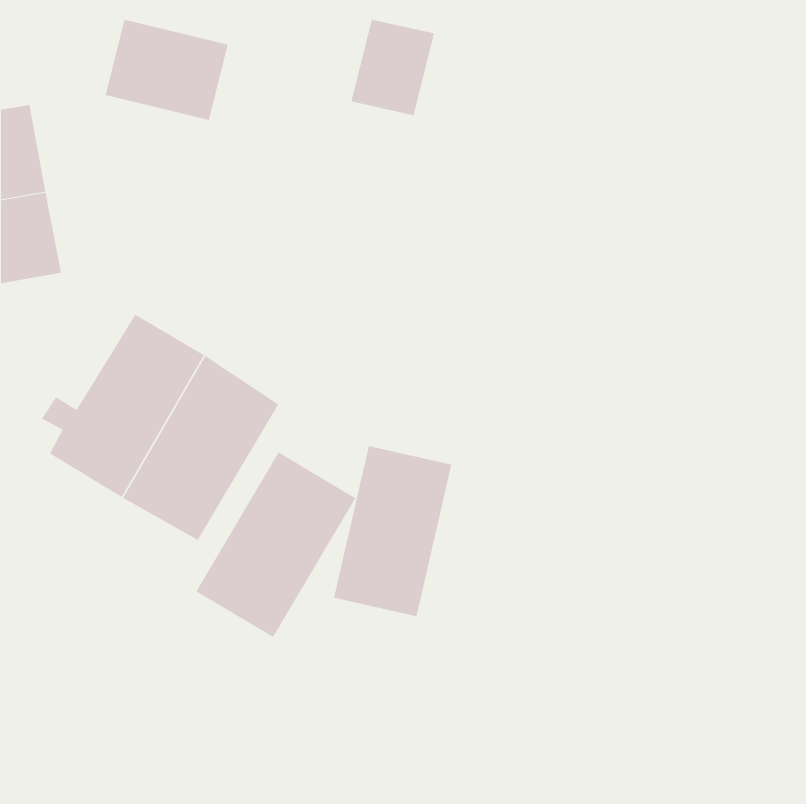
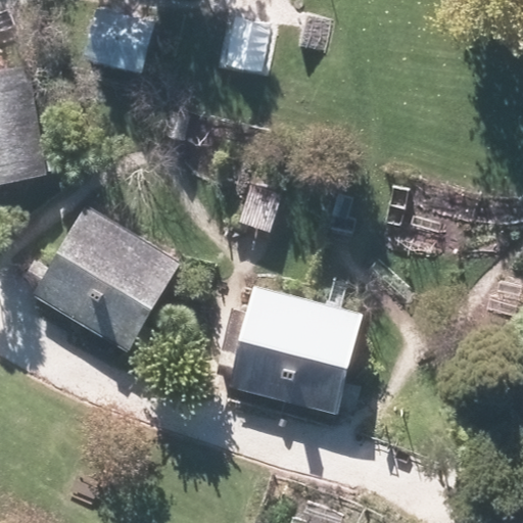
building: [196,452,356,638] -> none
building: none -> [272,299,350,410]

